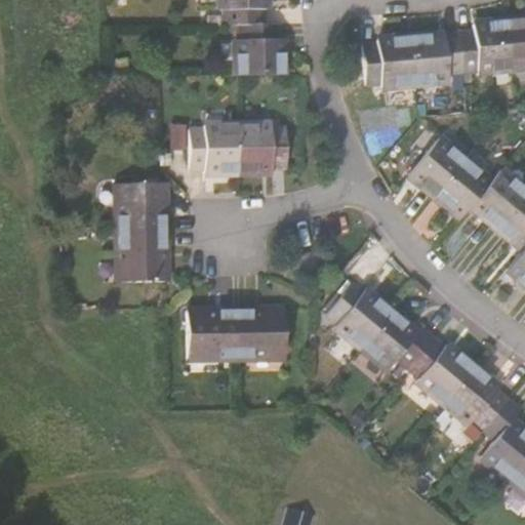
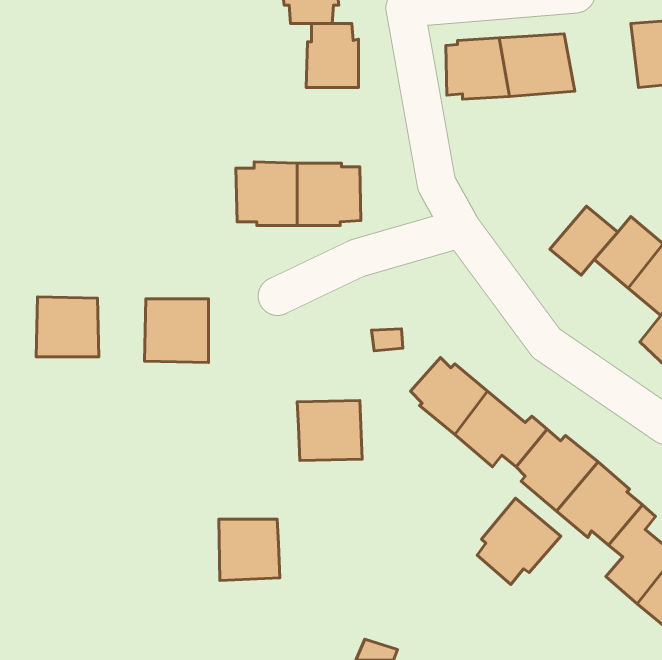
building: [447,18,506,72] -> none
building: [411,142,465,196] -> none
building: [118,188,167,235] -> [36,297,99,357]
building: [191,316,239,364] -> [219,519,280,580]
building: none -> [477,498,561,584]

